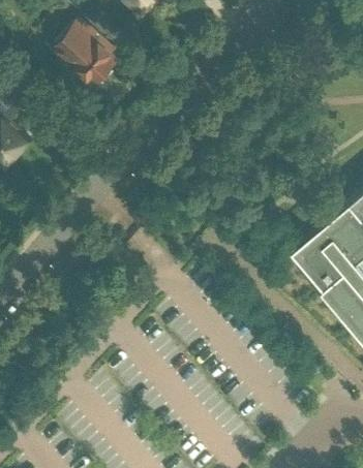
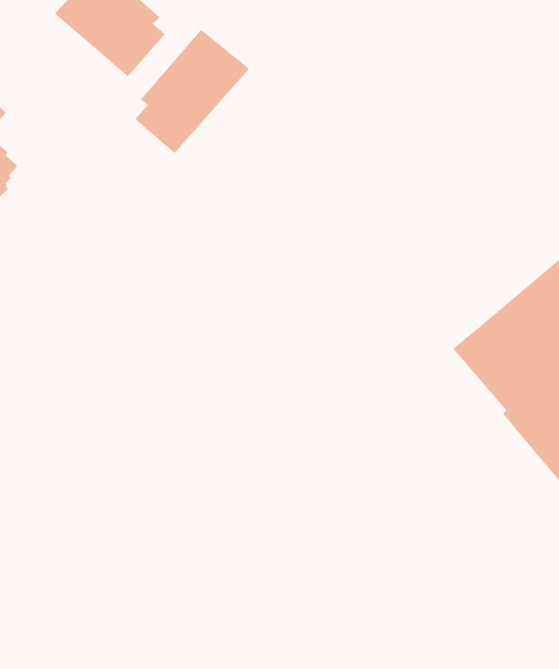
building: none -> [135,29,250,154]

